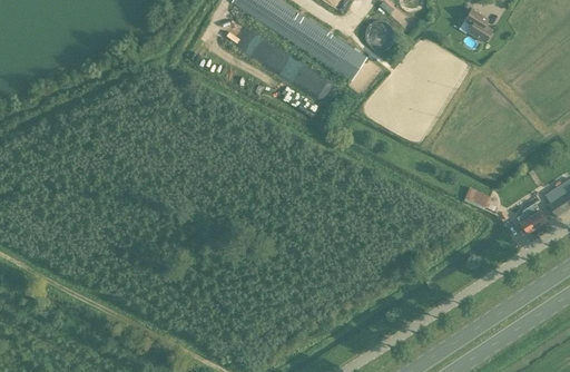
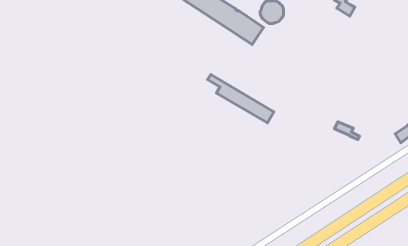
building: [237,31,328,98] -> [208,75,274,123]
building: [517,202,547,233] -> none

